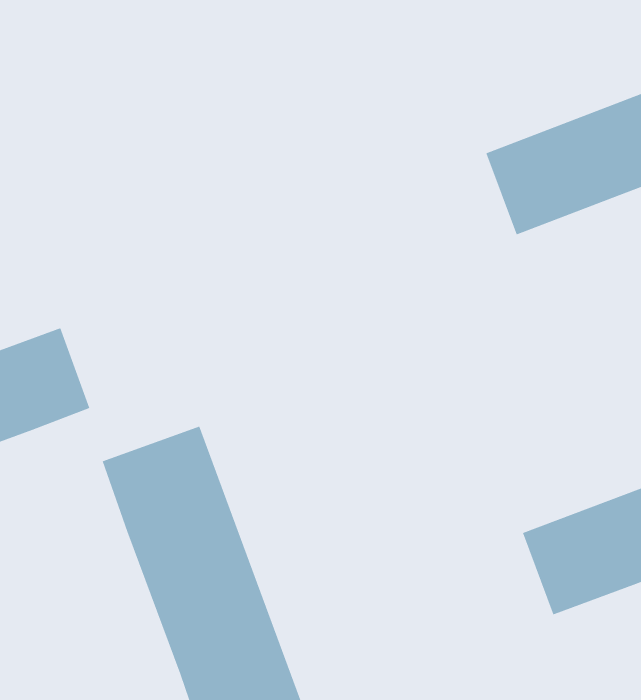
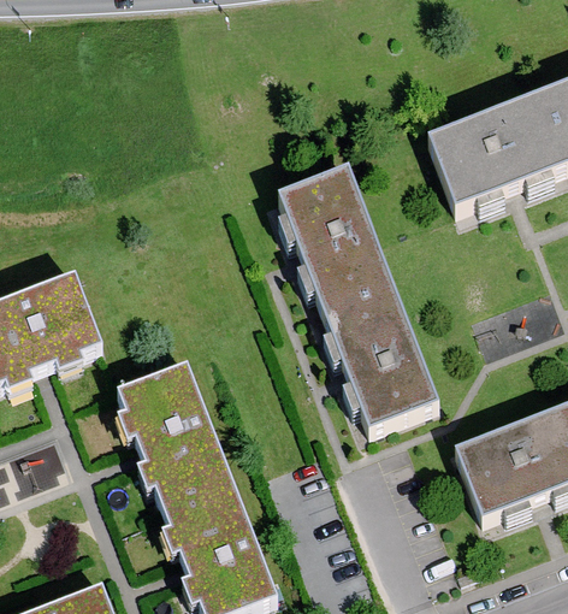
building: none -> [272,167,439,433]

